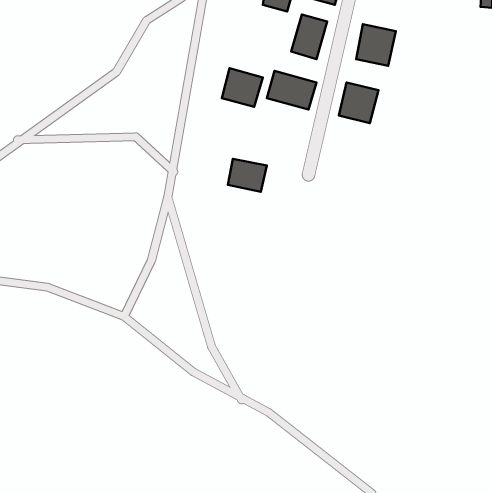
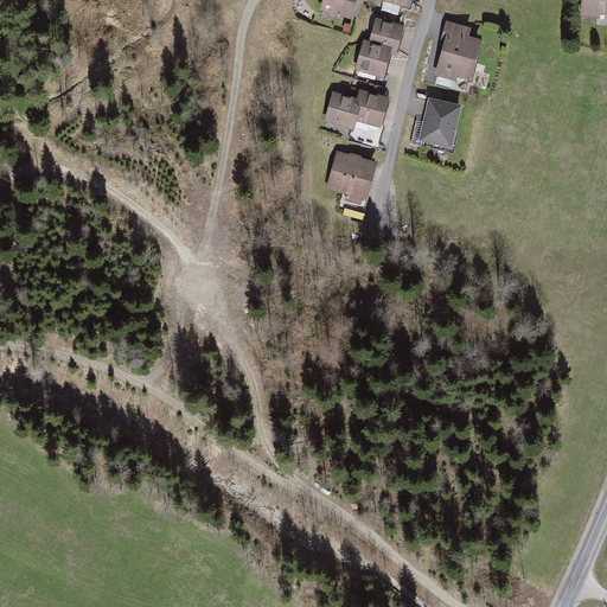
building: [222,68,263,107] -> none
building: [228,159,267,192] -> [328,152,376,192]

